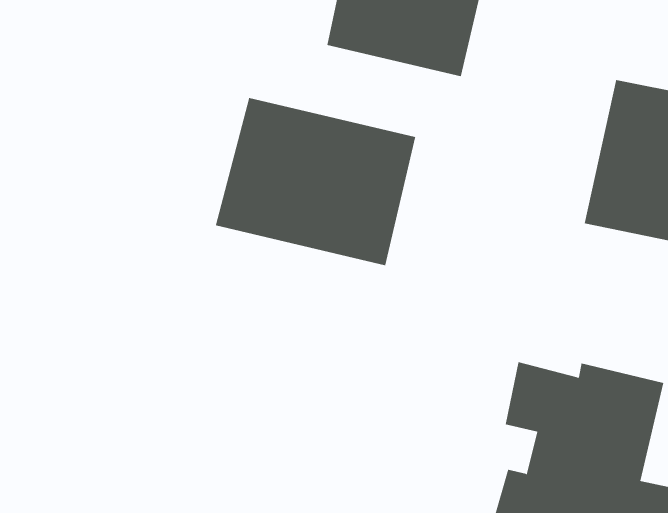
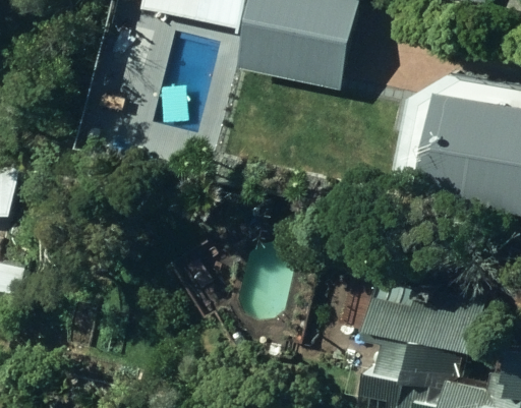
building: [215,97,416,266] -> none

